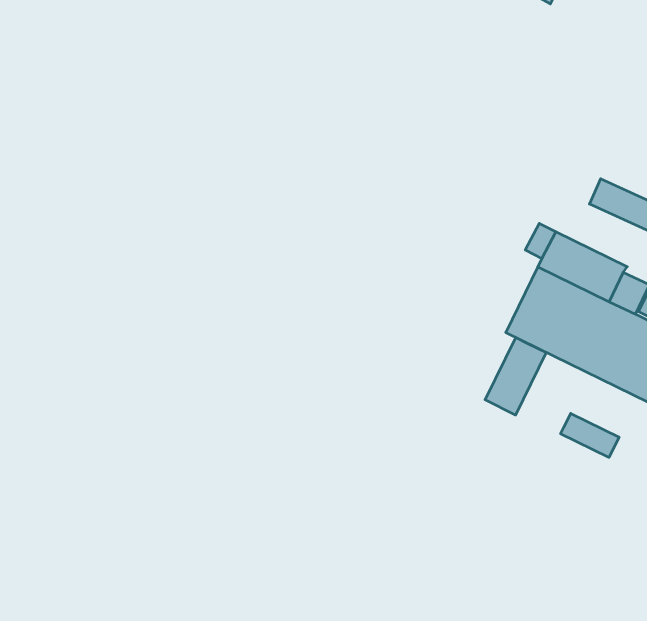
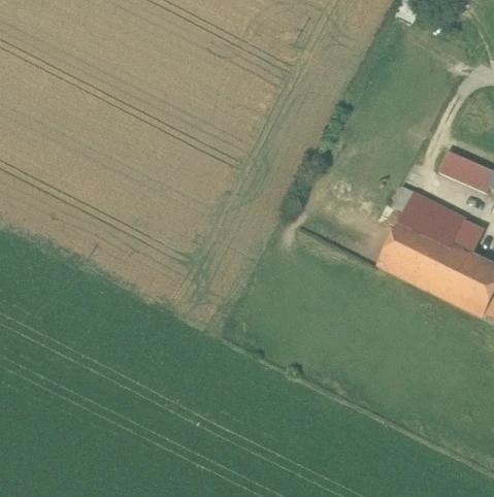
building: [485,337,546,415] -> none
building: [561,413,619,457] -> none

